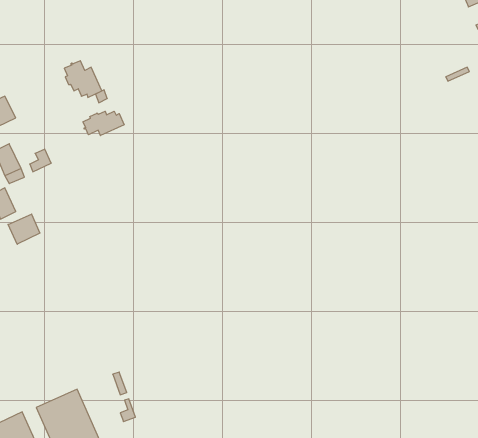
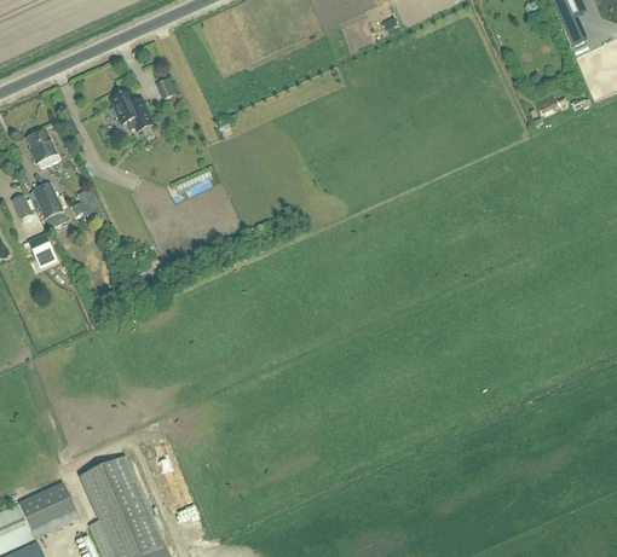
building: [83,111,124,136] -> none
building: [8,214,40,244] -> none

